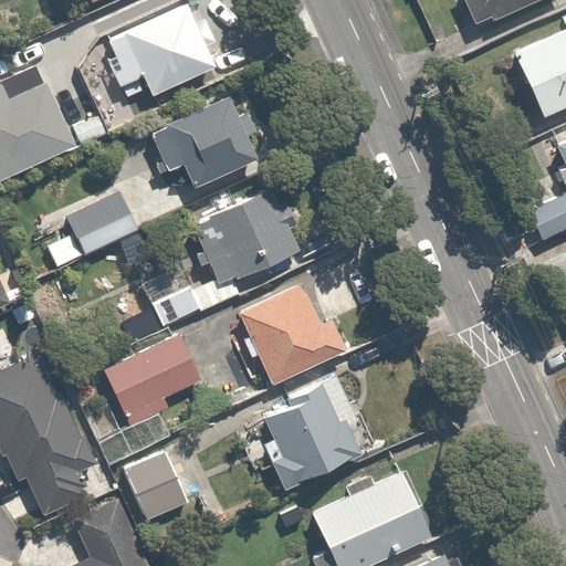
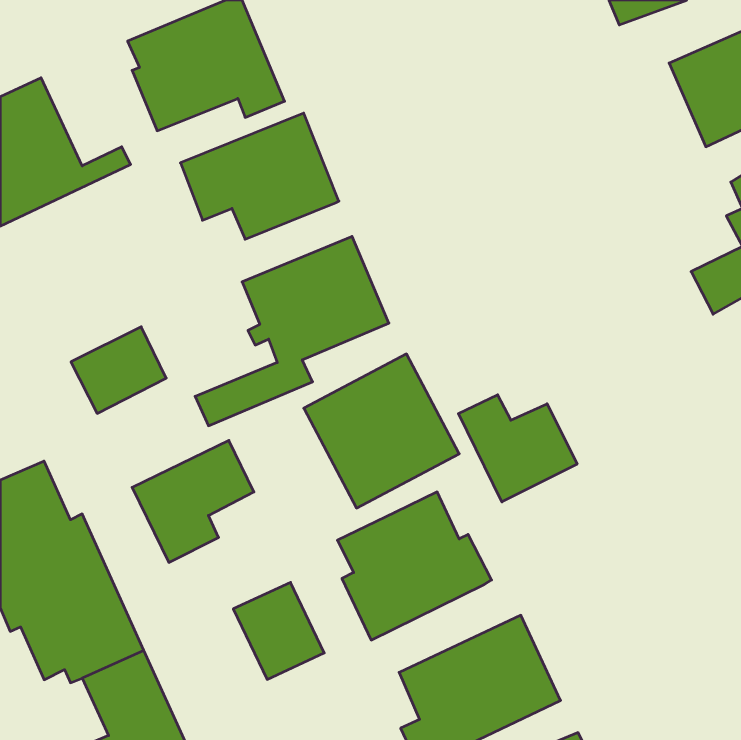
building: [65,191,137,256] -> [71,327,166,413]
building: none -> [458,395,577,502]
building: [122,451,190,524] -> [233,582,324,679]

